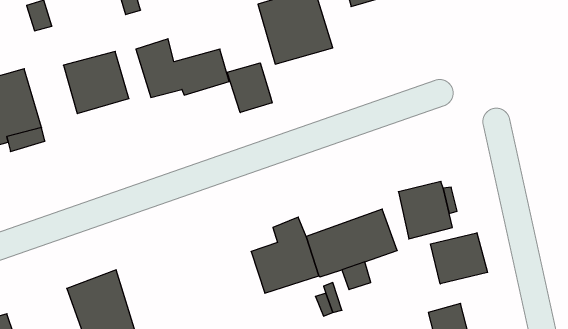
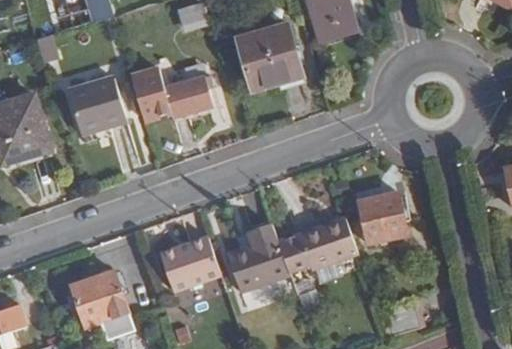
building: [227,63,272,113] -> none
building: none -> [162,236,223,291]
building: [431,233,488,284] -> none

